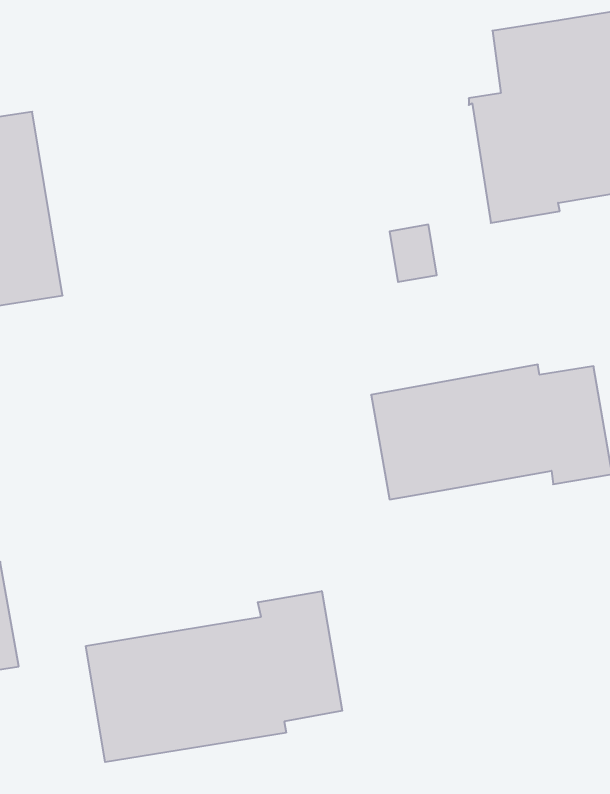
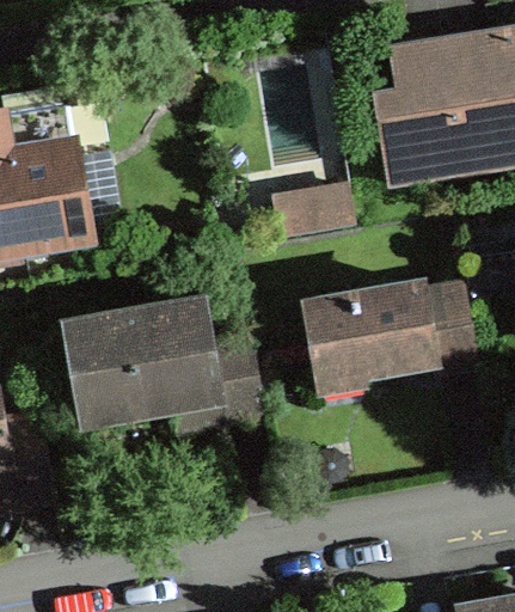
building: none -> [66,301,263,420]
building: [86,591,342,762] -> none

